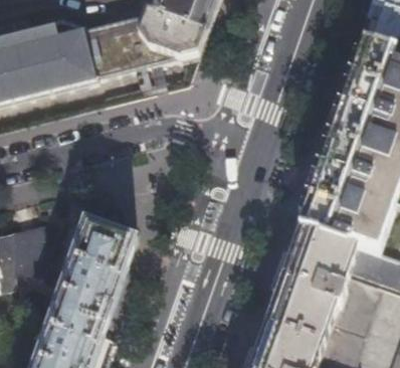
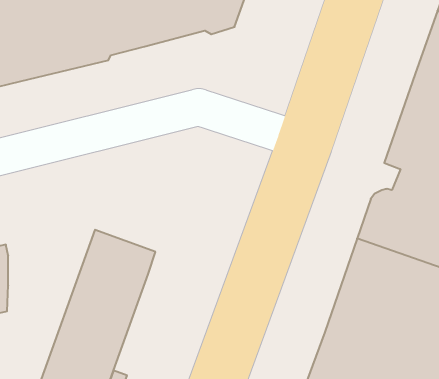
building: [10,228,56,268] -> none

